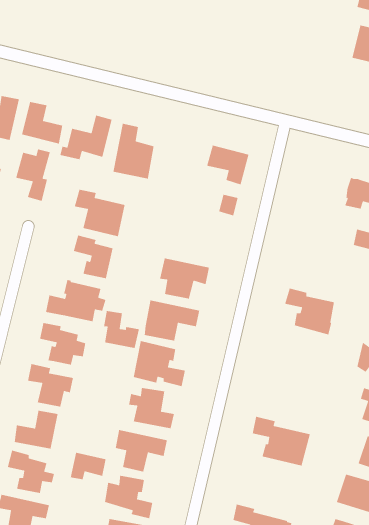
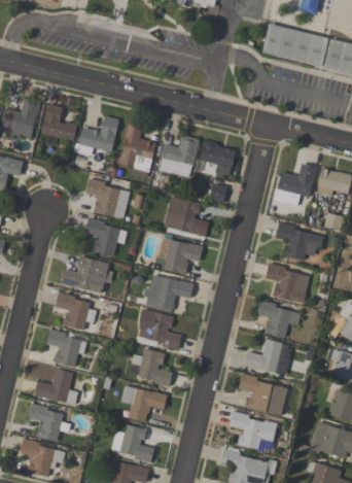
building: none -> [261,24,328,67]
building: none -> [157,135,199,177]
building: [15,149,51,202] -> none
building: none -> [275,164,318,206]
building: none -> [163,196,208,236]
building: none -> [276,223,323,262]
building: [103,310,140,349] -> none
building: none -> [257,301,301,339]
building: none -> [245,340,291,376]
building: [70,452,107,480] -> none
building: none -> [230,412,277,453]

